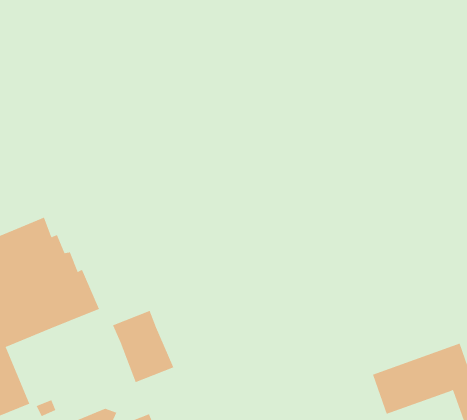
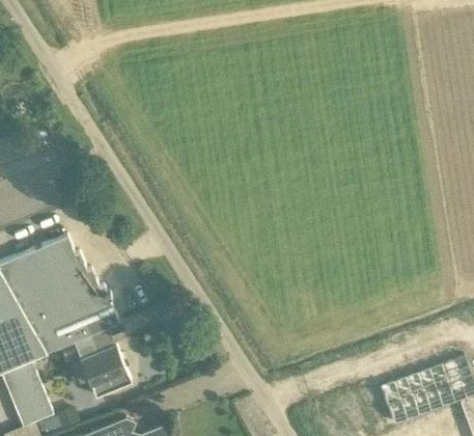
building: [112,310,174,383] -> [73,328,132,398]

